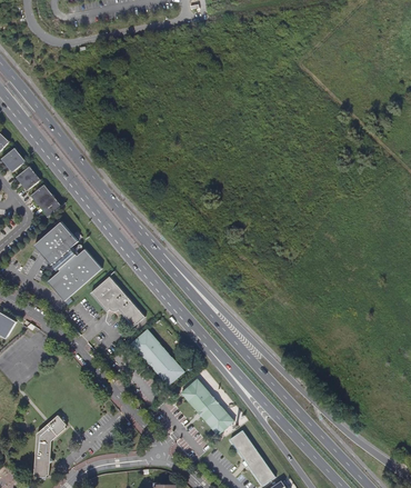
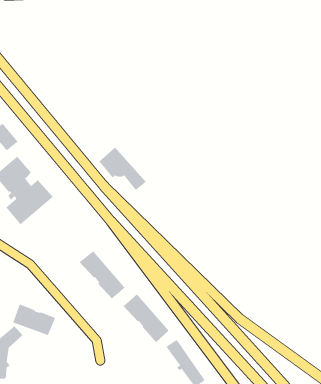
building: [90,276,144,326] -> [99,147,146,191]
building: none -> [12,303,56,336]

